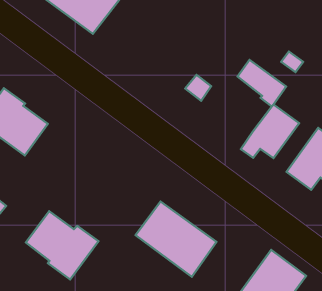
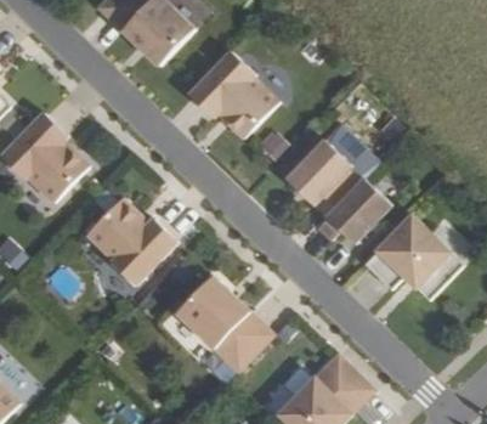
building: none -> [189,50,278,135]
building: none -> [284,140,358,208]
building: [26,211,99,279] -> [87,198,175,283]

